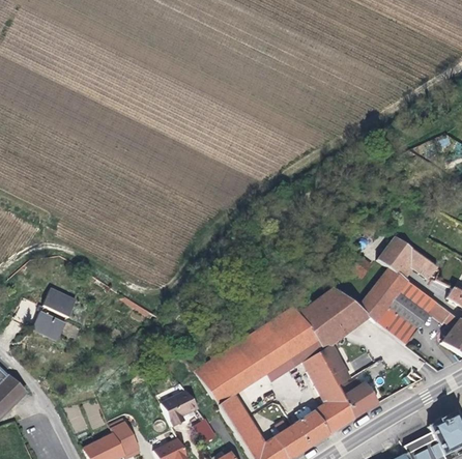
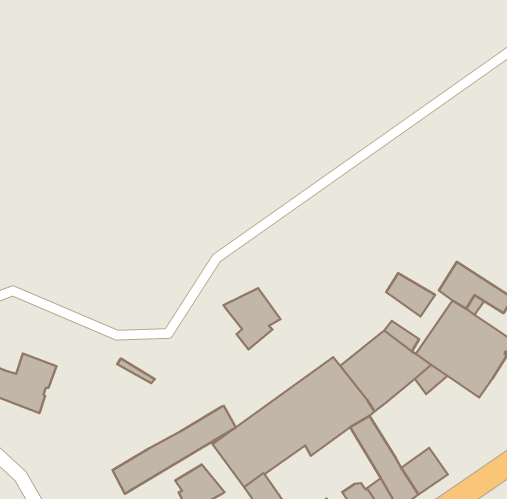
building: none -> [223,288,280,349]
building: none -> [113,406,236,494]
building: [319,344,352,388] -> none

